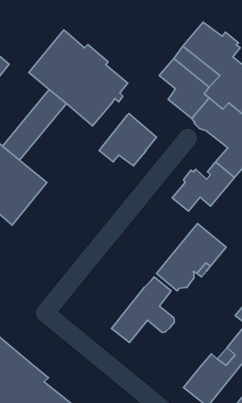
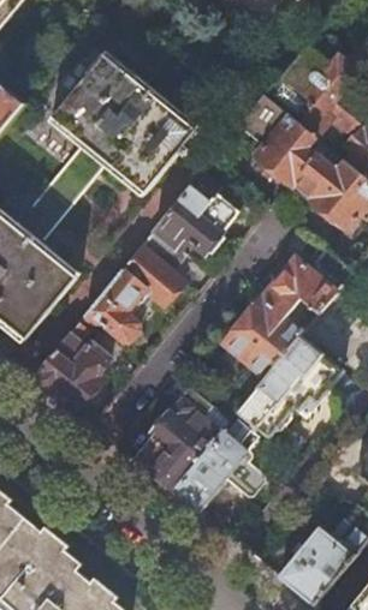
building: none -> [82,231,183,341]
building: none -> [222,300,301,378]
building: none -> [32,322,124,412]
building: none -> [131,388,219,491]

